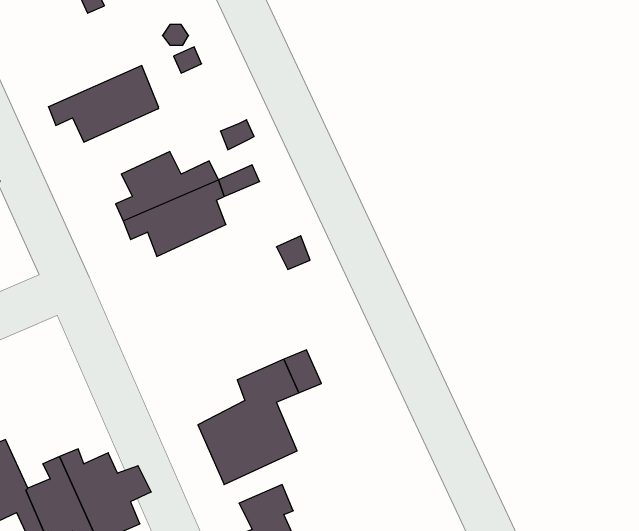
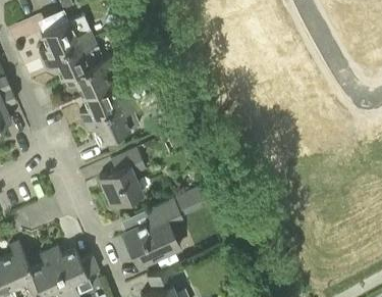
building: none -> [39,15,94,60]
building: none -> [64,55,119,97]
building: none -> [100,148,145,207]

